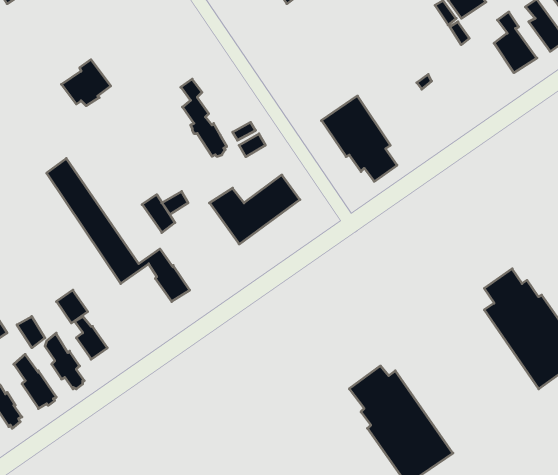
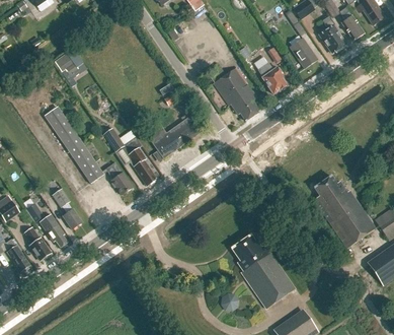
building: none -> [291,39,318,67]
building: [181,79,227,156] -> [128,137,156,185]
building: none -> [258,63,288,93]

